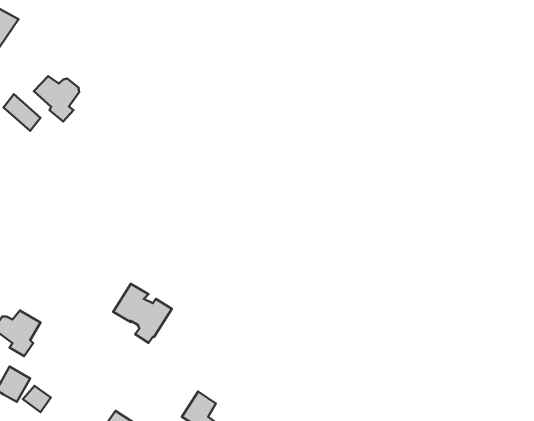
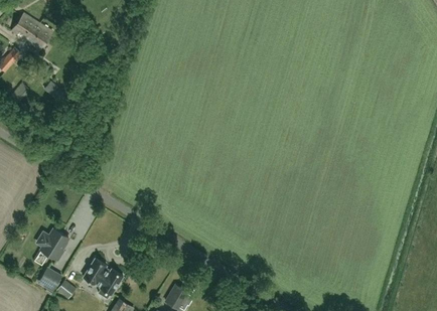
building: [34,76,79,122] -> none
building: [113,284,172,343] -> [83,259,123,299]

